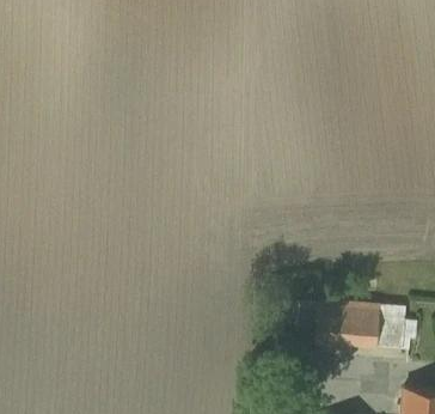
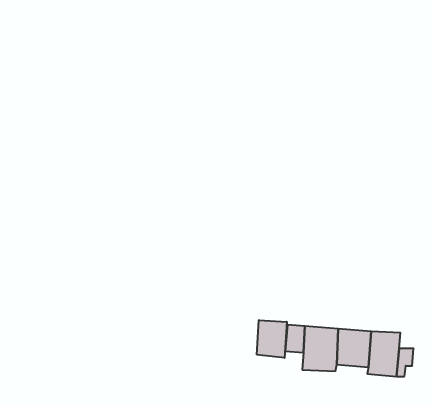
building: none -> [257,320,287,358]

